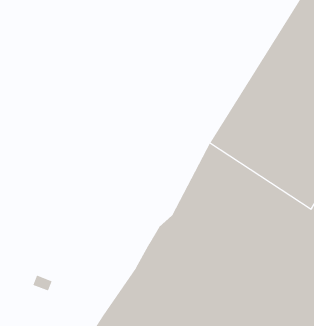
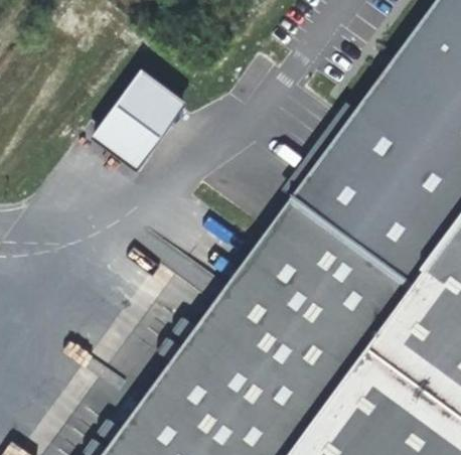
building: none -> [93,69,192,172]

